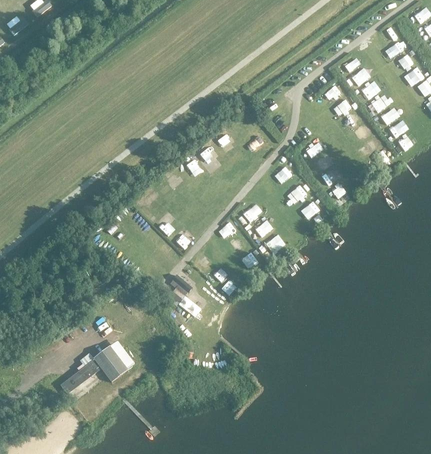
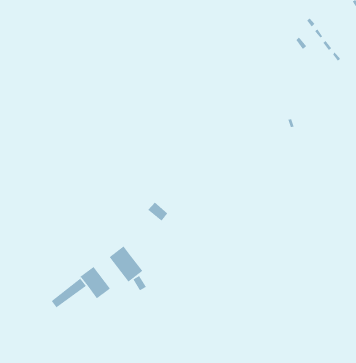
building: none -> [109,245,143,283]

